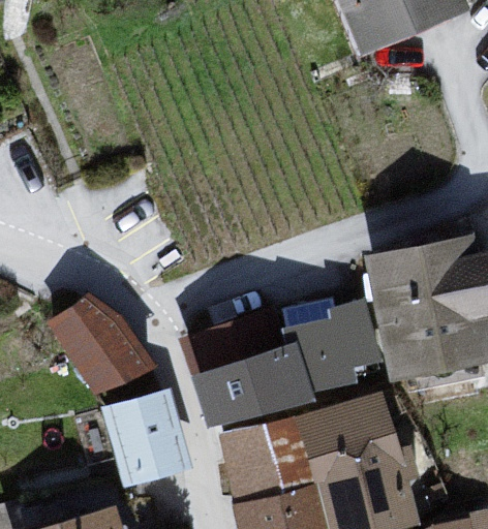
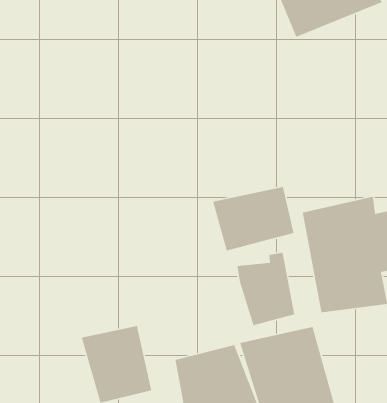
building: none -> [212,186,295,252]
building: [45,299,160,401] -> none
building: [199,342,314,435] -> none

